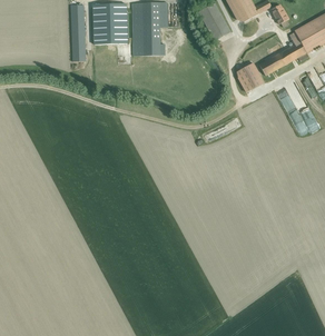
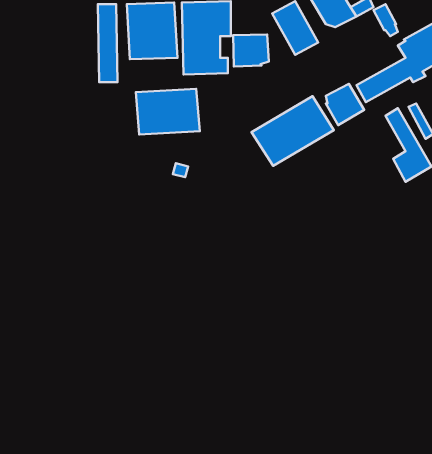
building: none -> [233,34,269,66]
building: none -> [136,89,200,134]
building: none -> [251,96,334,166]

